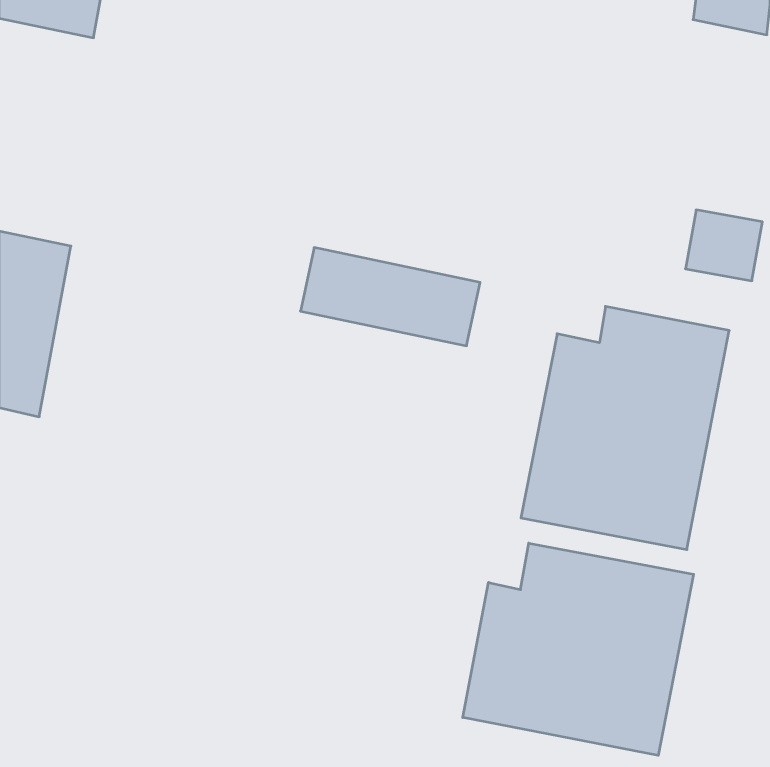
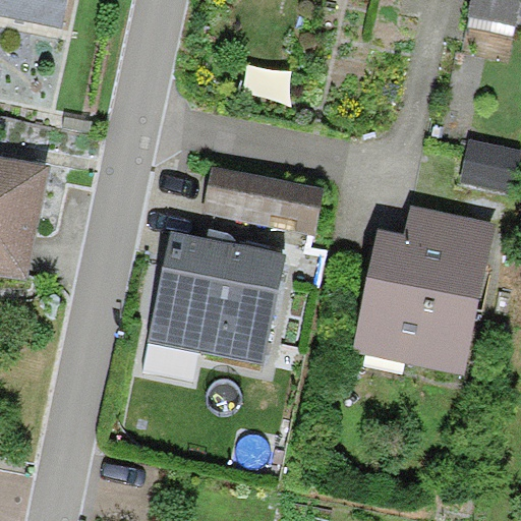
building: none -> [152,235,285,365]
building: [463,543,694,755] -> none

